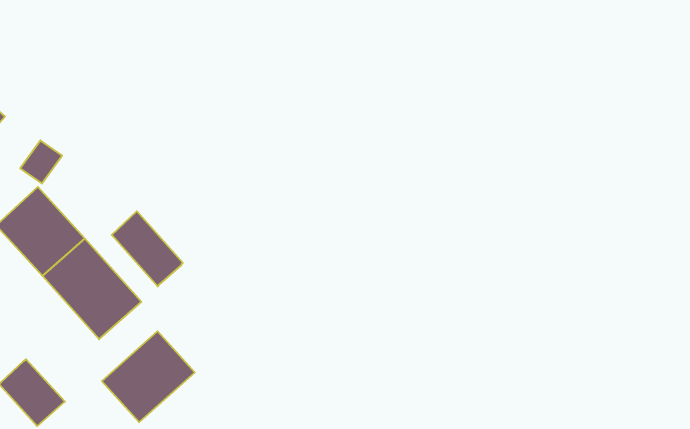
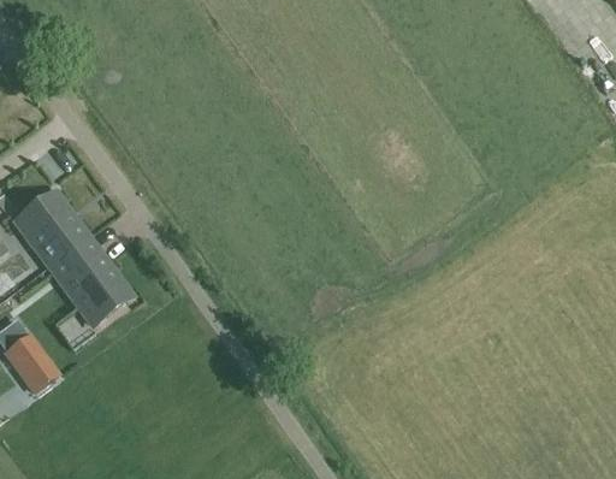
building: [112,211,183,287] -> none
building: [102,331,195,422] -> none

